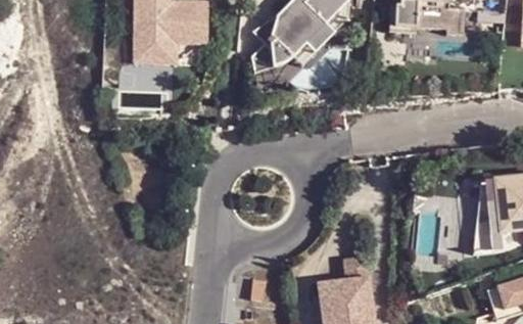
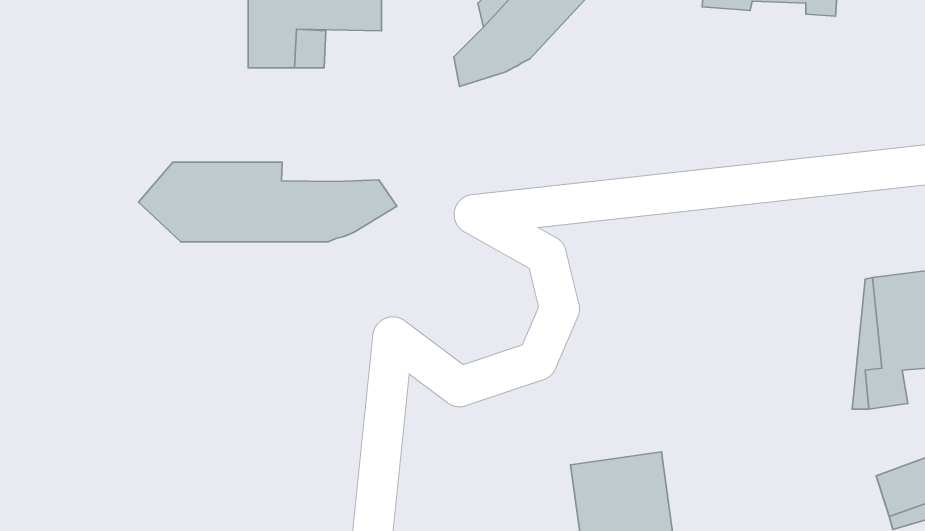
building: none -> [139,162,397,242]

